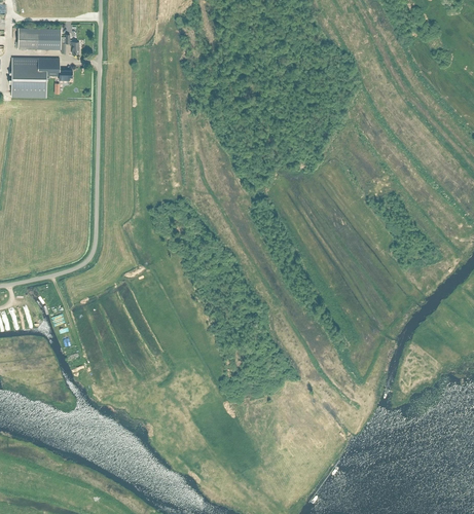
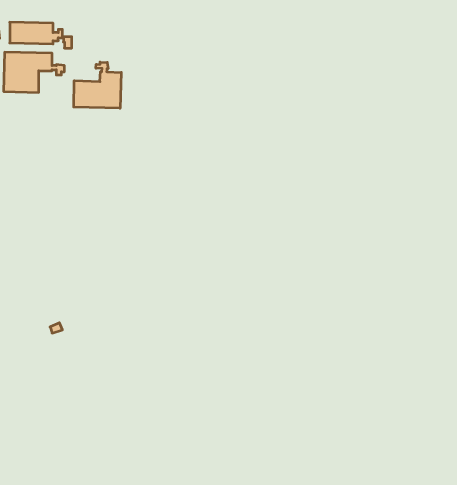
building: none -> [74,62,121,108]

